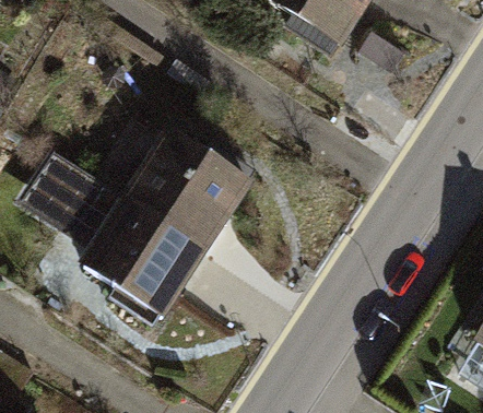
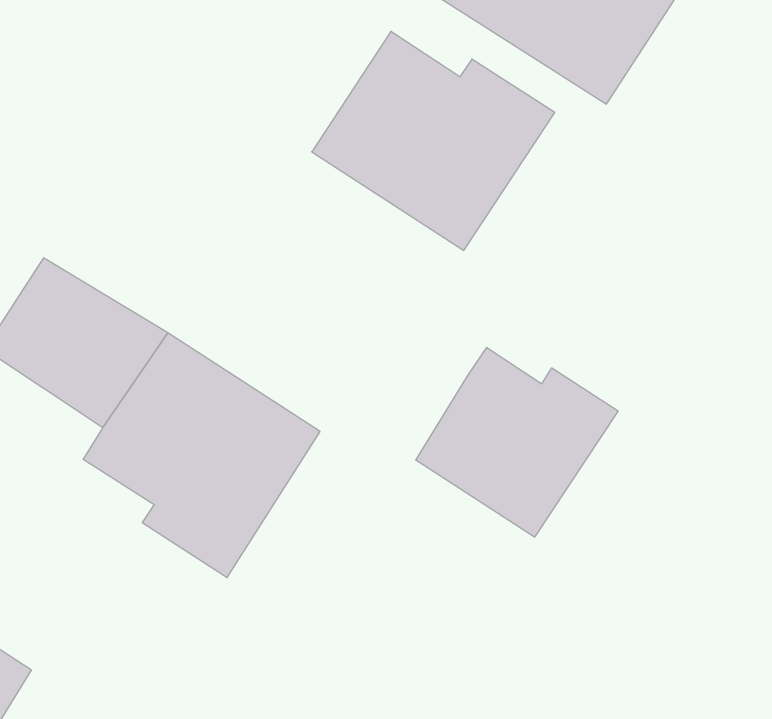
building: [120,127,255,248] -> [312,31,555,250]
building: none -> [416,347,618,537]

